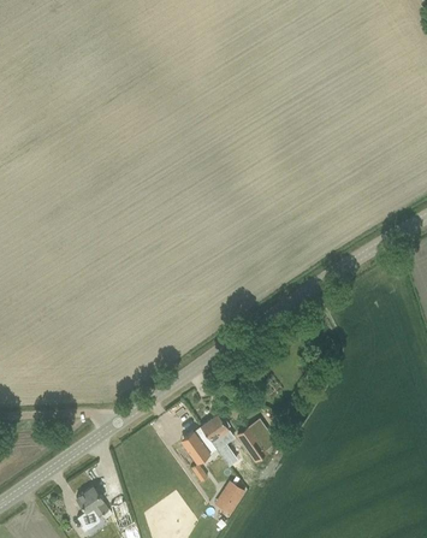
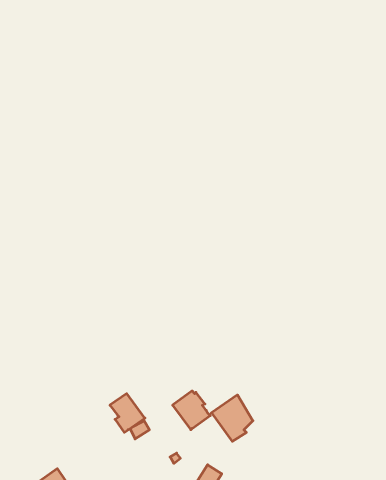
building: [183,428,215,465] -> [110,394,145,432]

